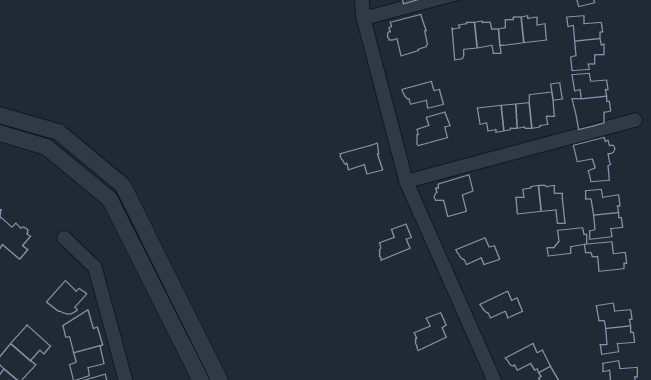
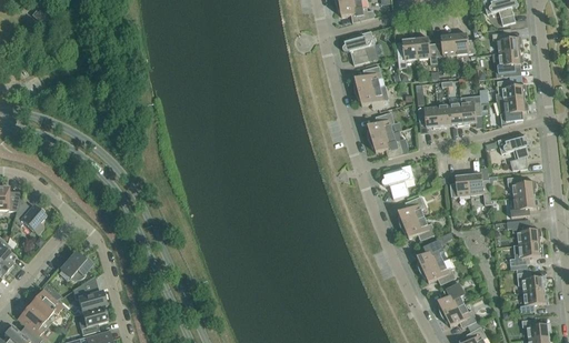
building: none -> [353,65,381,93]
building: [340,143,383,174] -> [368,131,403,157]
building: [379,224,411,260] -> [398,196,425,226]
building: [547,228,587,256] -> [509,242,542,265]
building: [414,313,446,350] -> [416,241,442,272]
building: none -> [437,284,463,316]

